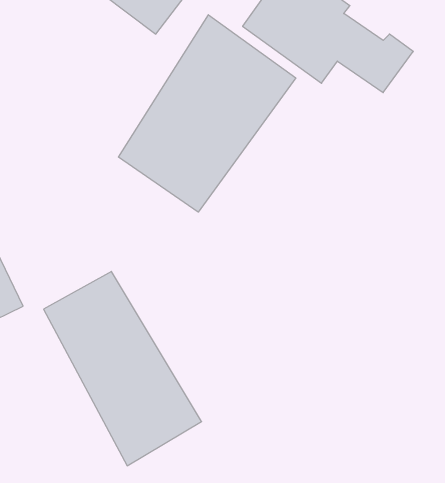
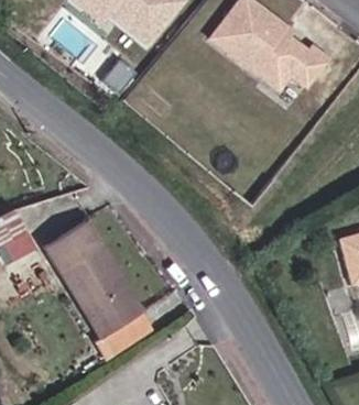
building: [118,15,296,212] -> none

